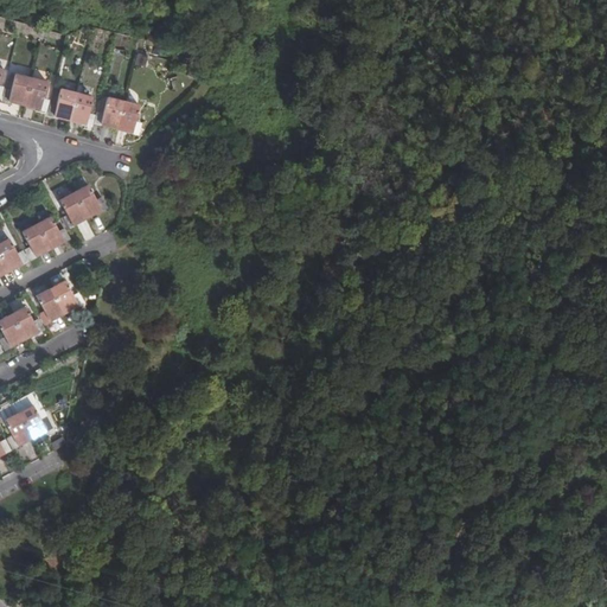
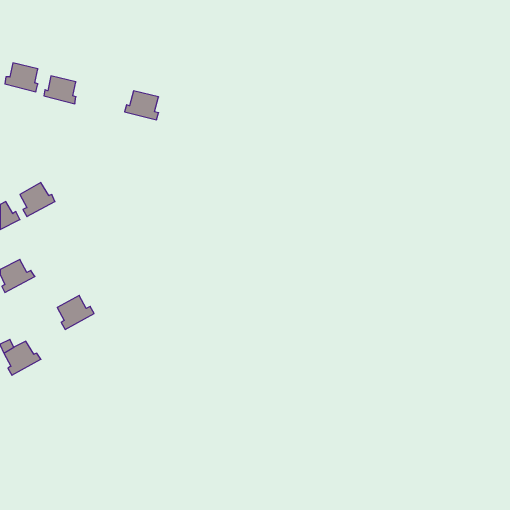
building: [97,97,138,132] -> [125,91,159,120]
building: [60,185,104,225] -> none
building: [38,281,82,321] -> [57,295,94,329]

